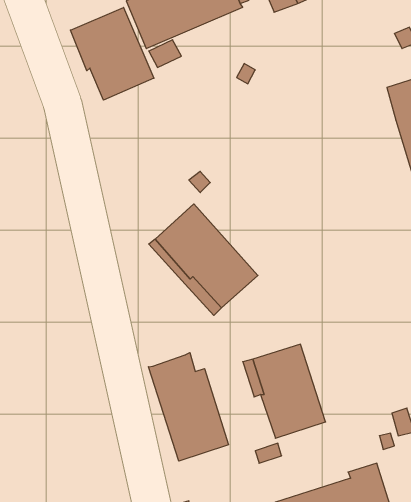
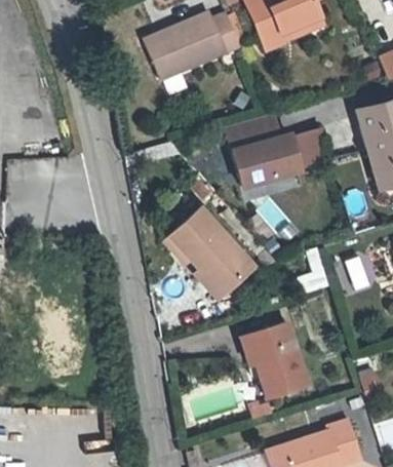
building: [70,7,154,100] -> none
building: none -> [223,115,333,191]
building: [148,353,228,461] -> none

